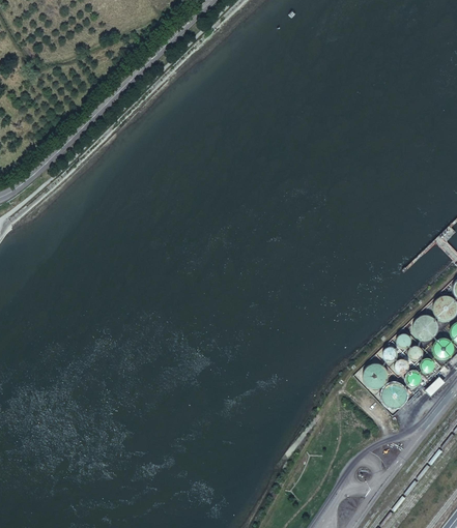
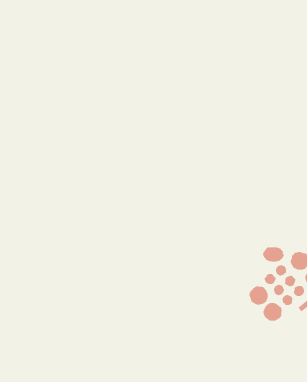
building: none -> [262,246,284,262]

